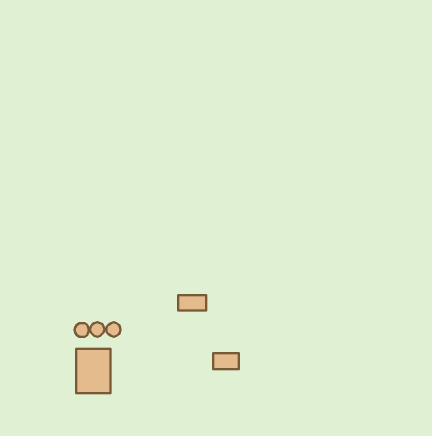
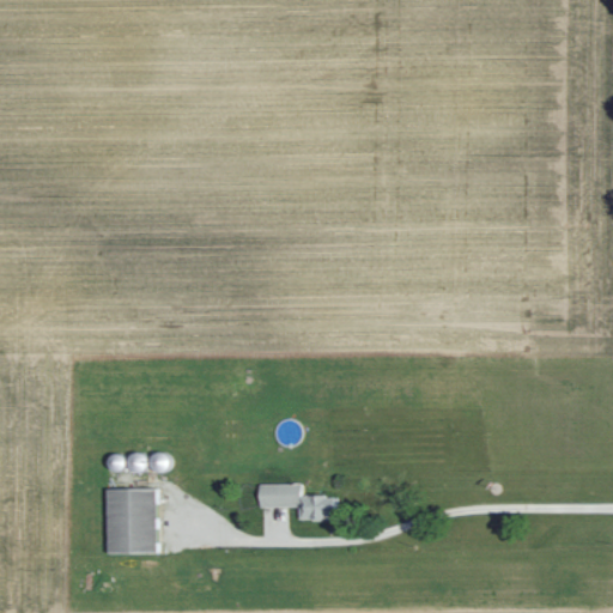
building: [178,295,206,310] -> [259,484,298,505]

